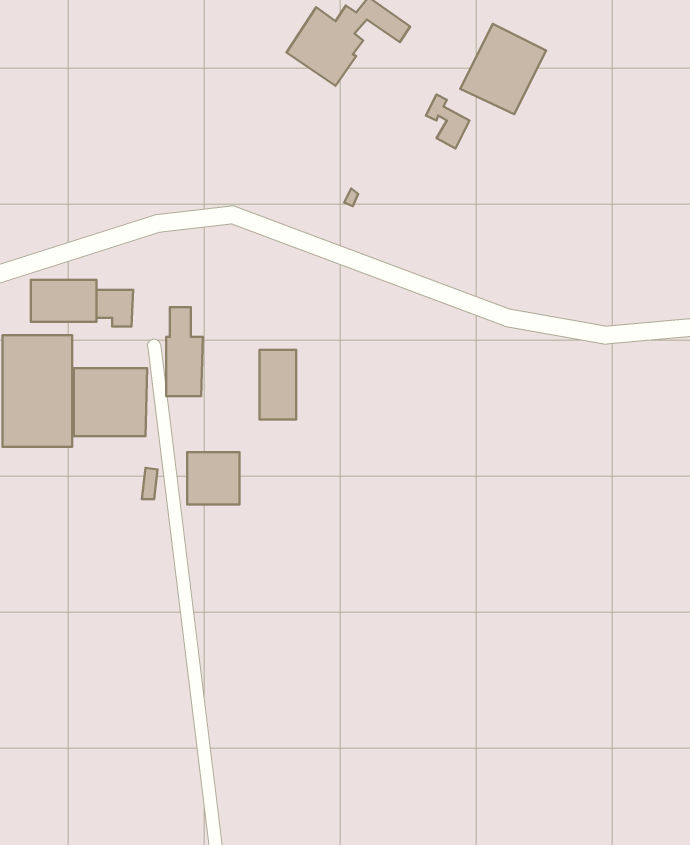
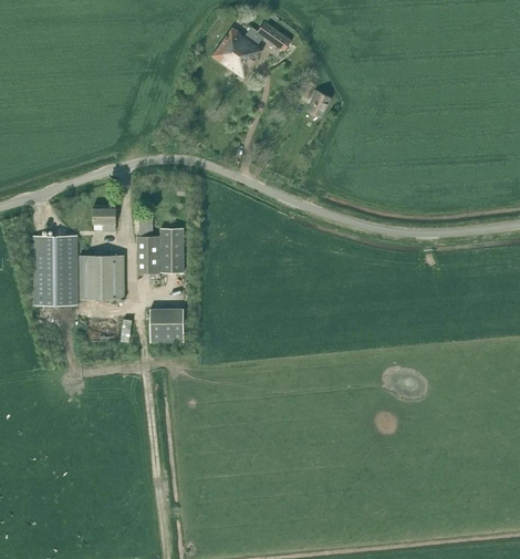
building: [460,24,546,114] -> none
building: [31,280,97,322] -> none
building: [260,350,296,419] -> [160,228,184,272]

